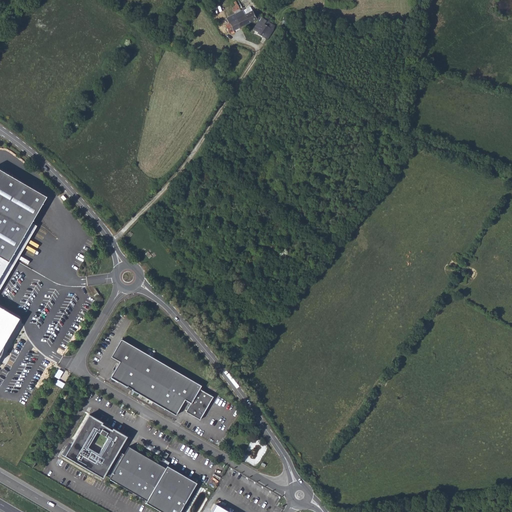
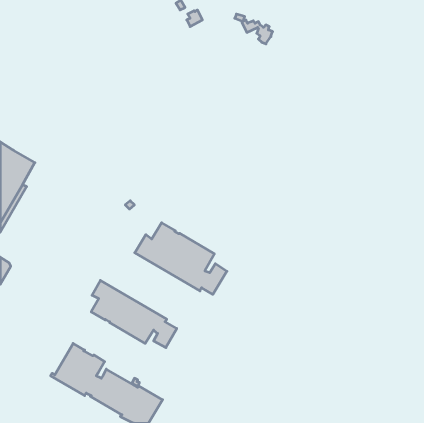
building: [238,9,275,38] -> [242,20,273,44]
building: none -> [135,223,227,294]

